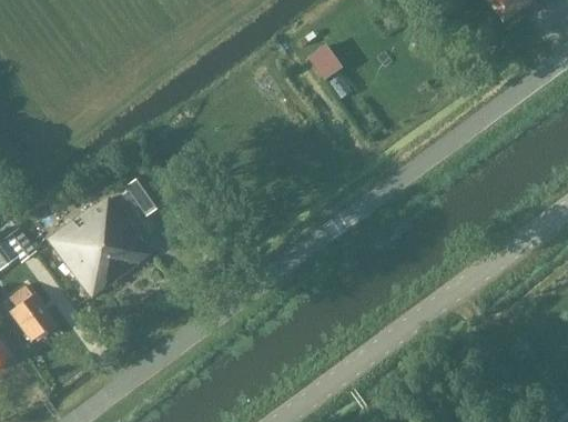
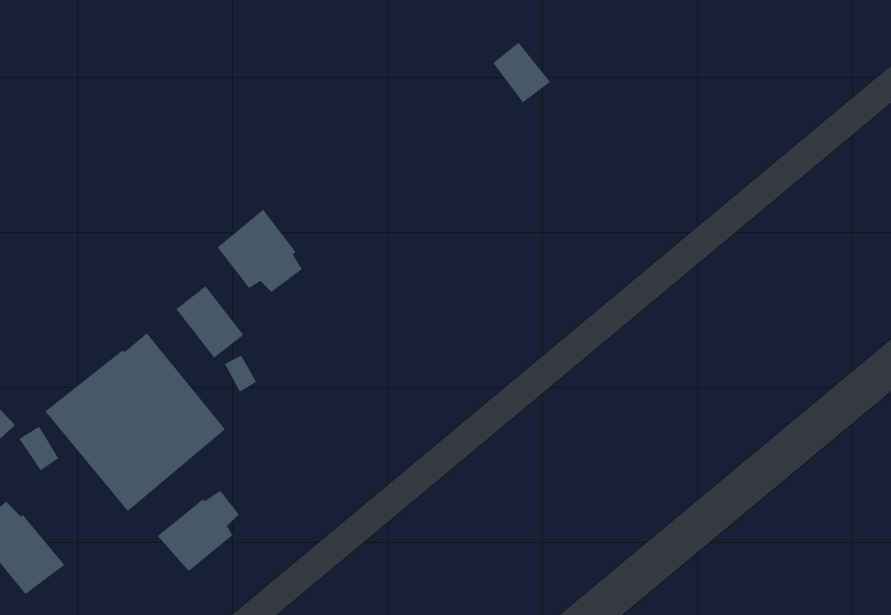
building: none -> [217,209,302,293]
building: none -> [157,490,240,572]

